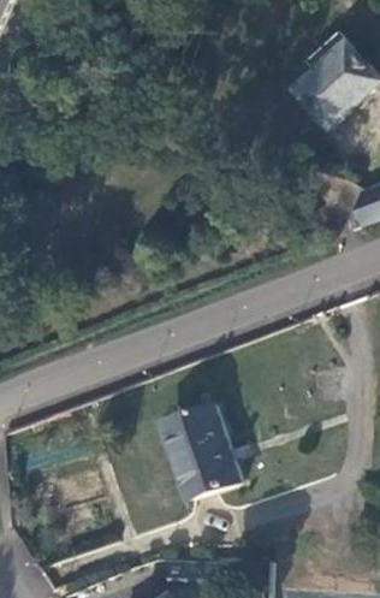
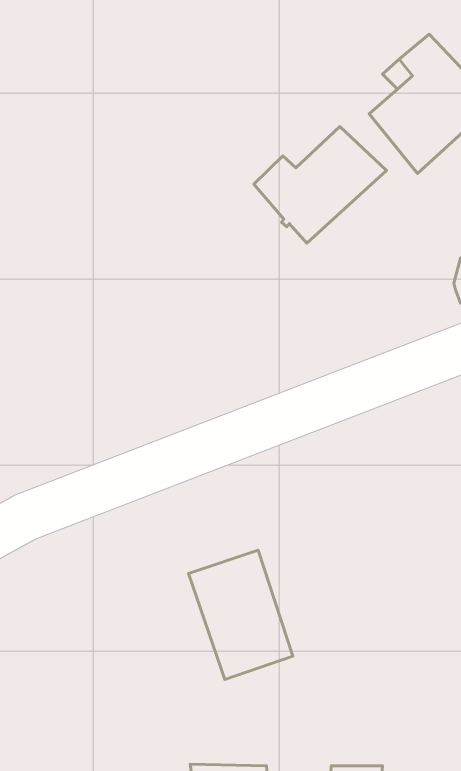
building: none -> [254,127,387,243]

